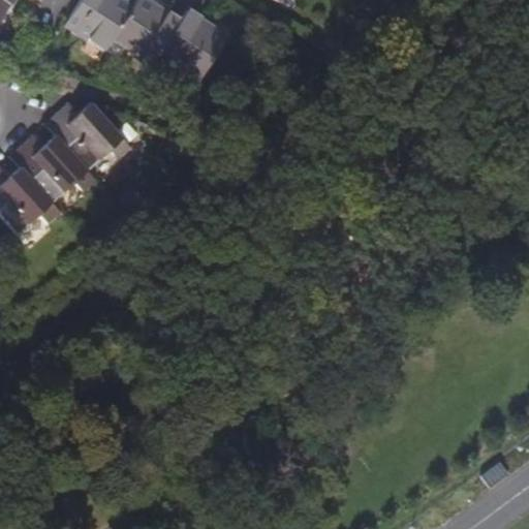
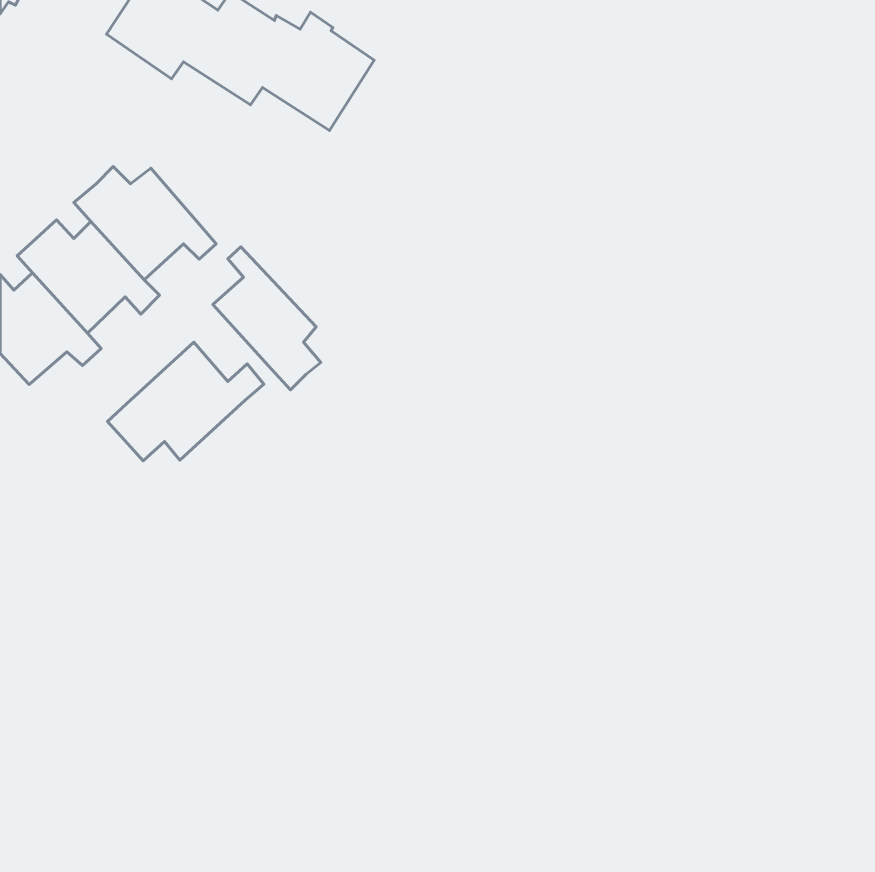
building: none -> [213,247,321,390]
building: none -> [107,342,264,461]

